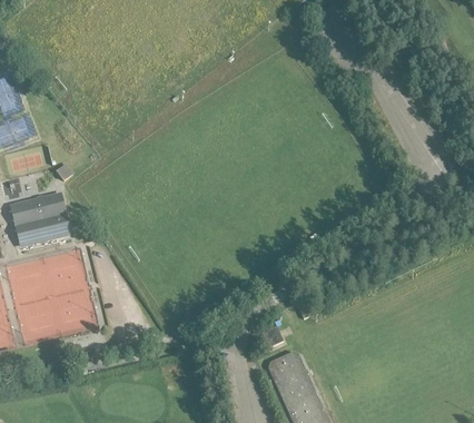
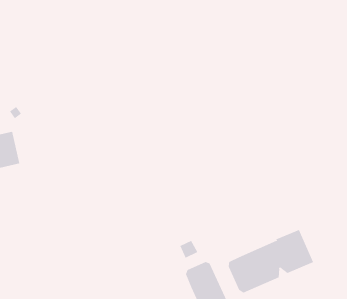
building: none -> [228,229,314,293]

